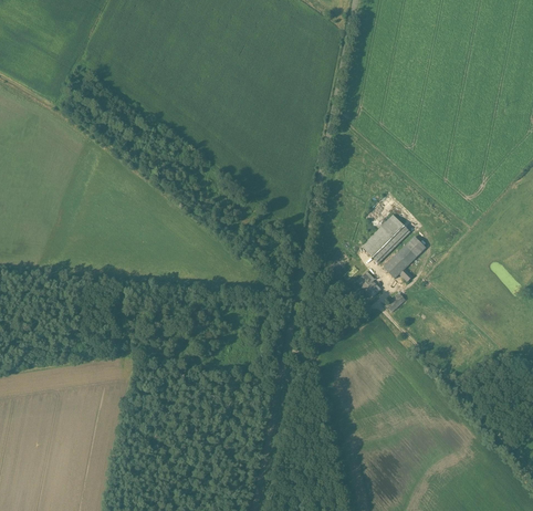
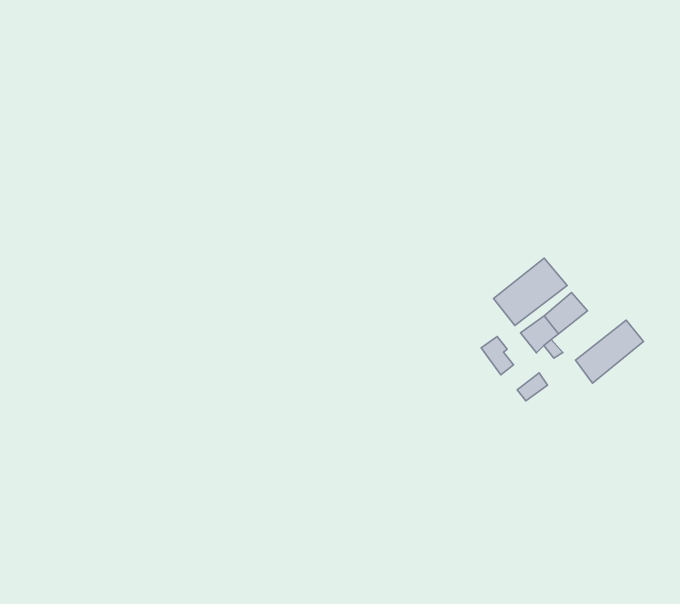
building: none -> [576,320,643,383]

